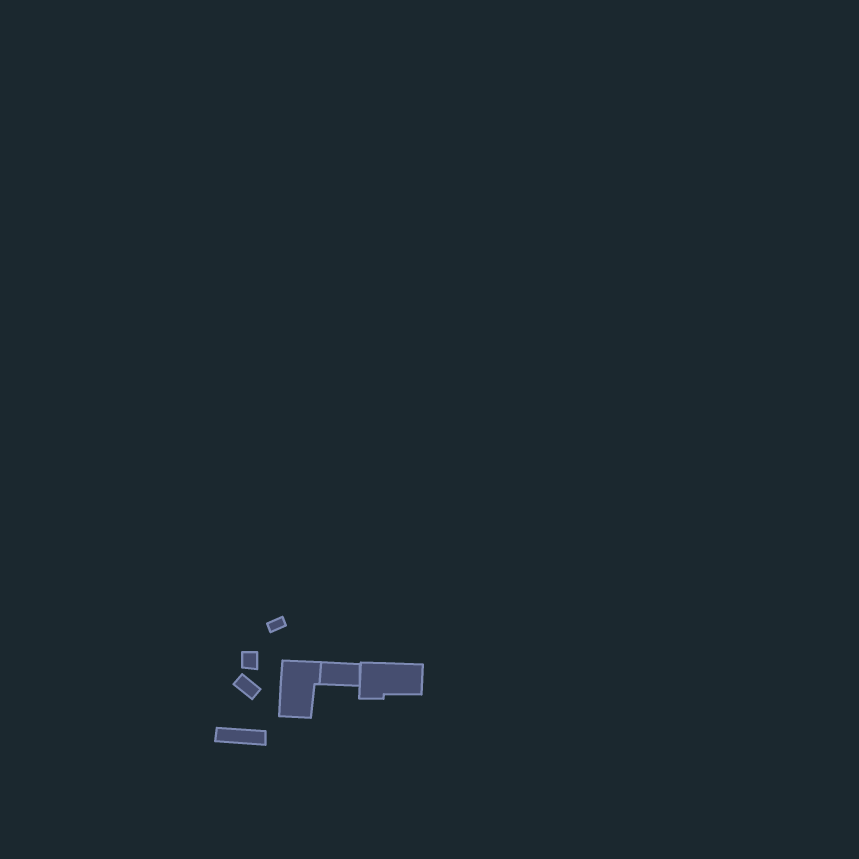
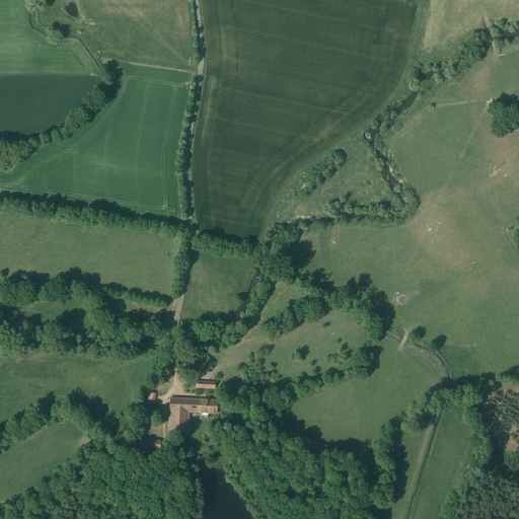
building: [359,662,423,699] -> none

